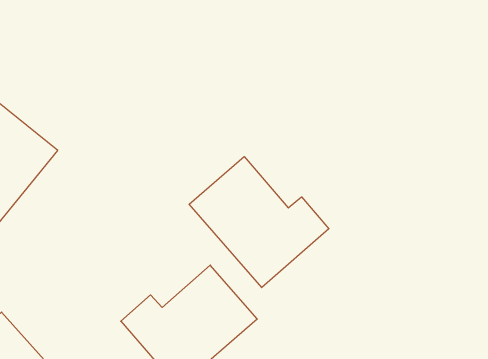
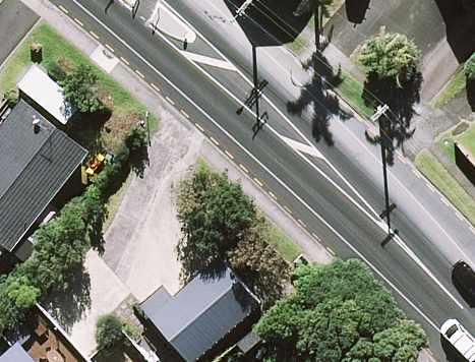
building: [189,157,329,288] -> none

